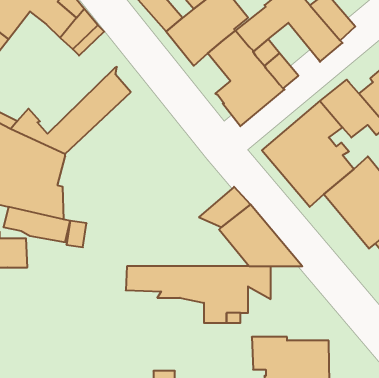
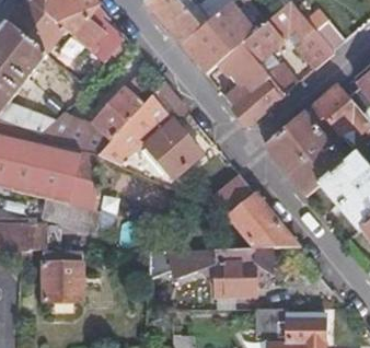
building: none -> [93,84,199,178]
building: none -> [42,247,81,298]

